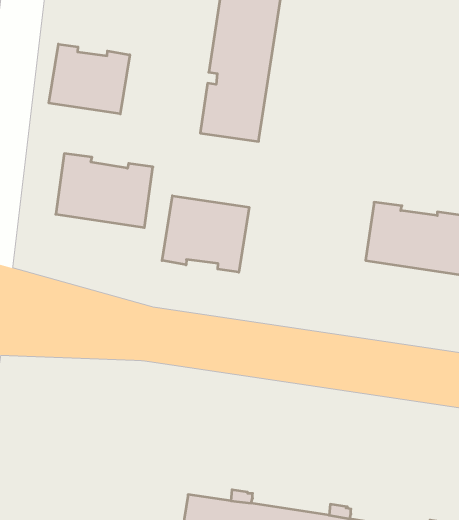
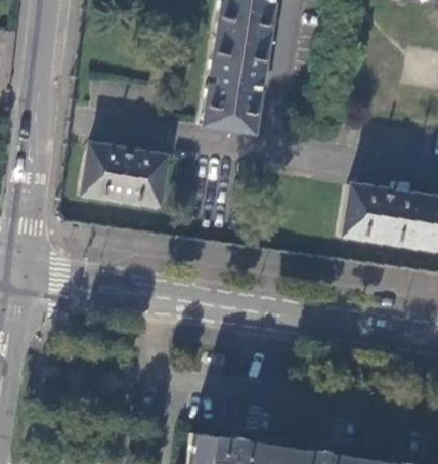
building: [49,44,130,114] -> none
building: [162,196,249,272] -> none

